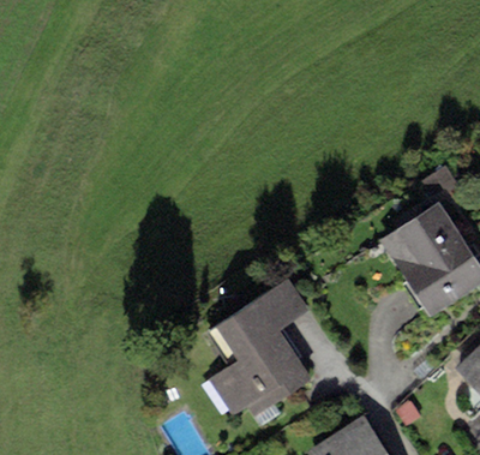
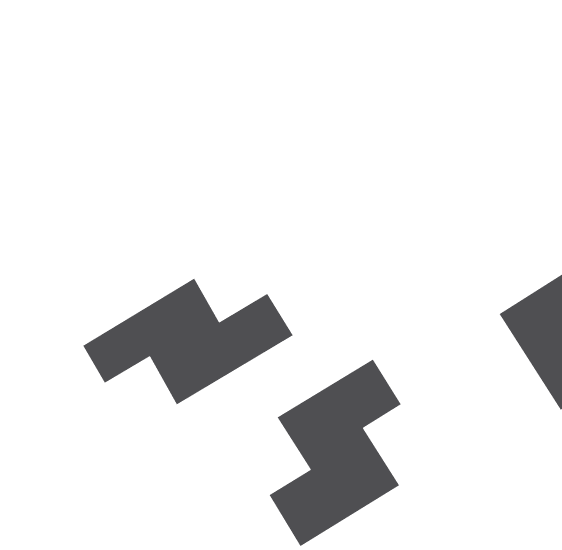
building: none -> [82,277,294,406]

